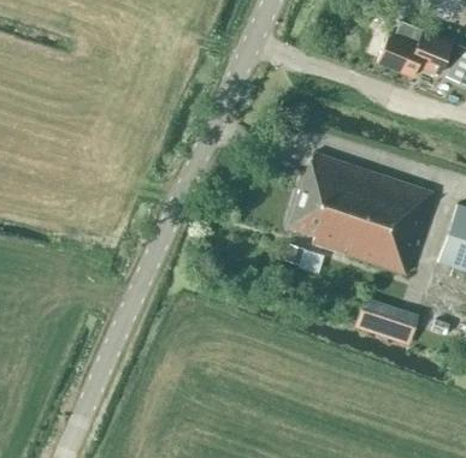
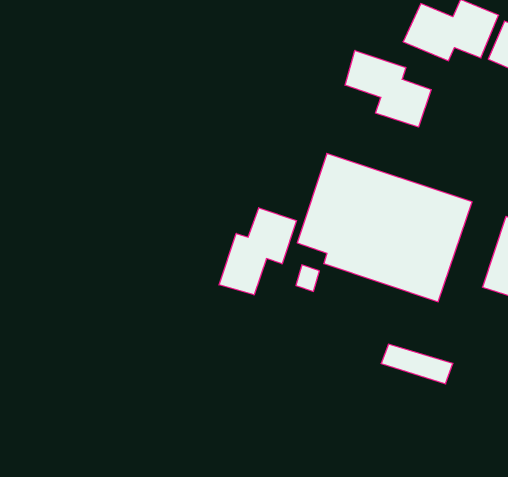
building: none -> [345,50,431,127]
building: none -> [219,208,296,295]

